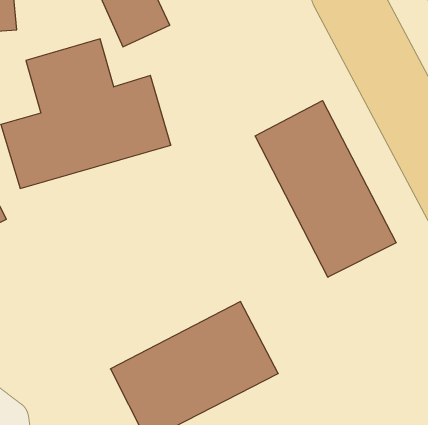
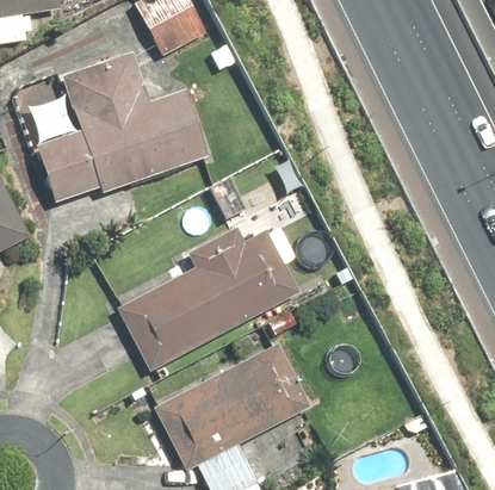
building: [255,101,396,277] -> none
building: none -> [115,206,305,373]

